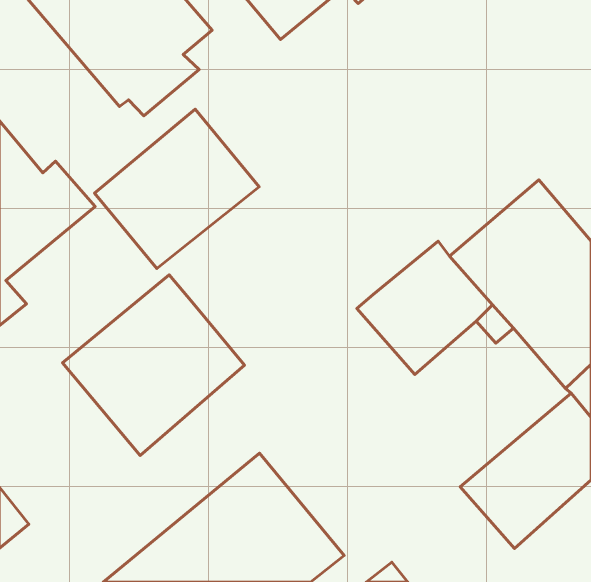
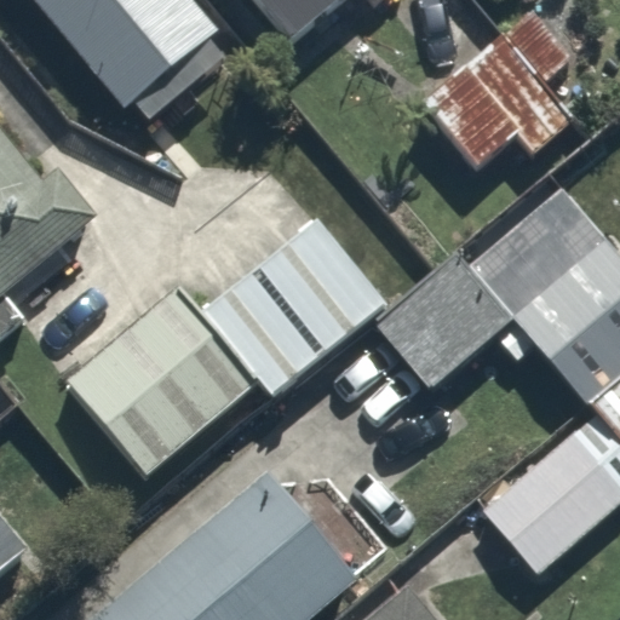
building: none -> [421,31,576,168]
building: [94,109,259,269] -> none
building: none -> [201,219,390,401]

